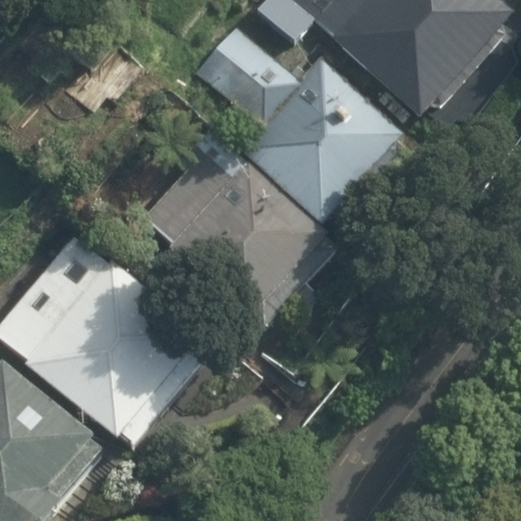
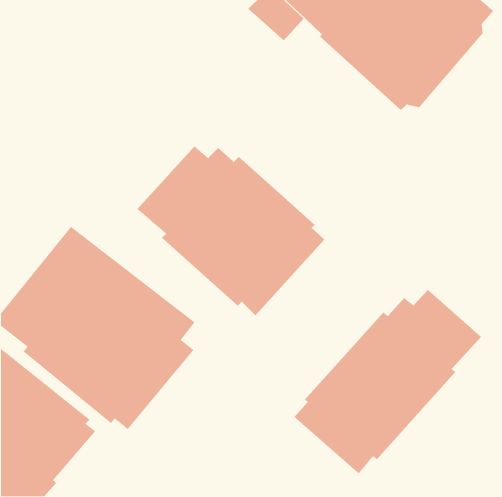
building: [197,25,405,225] -> none
building: none -> [294,289,482,475]

